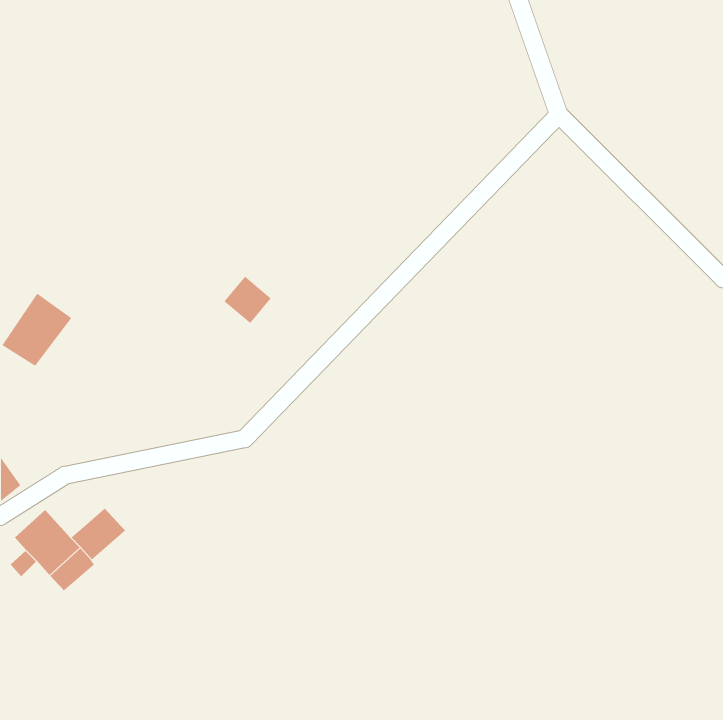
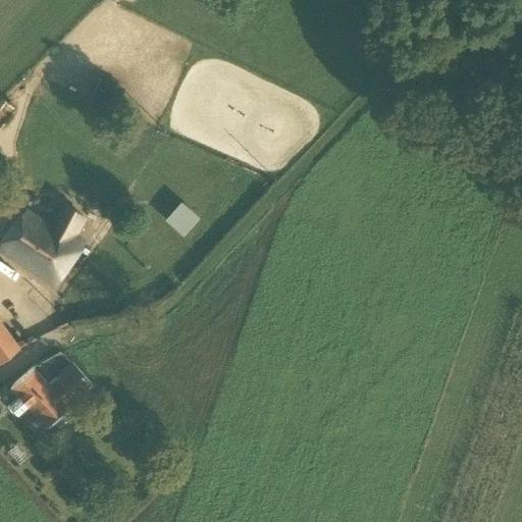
building: none -> [25,206,84,283]

